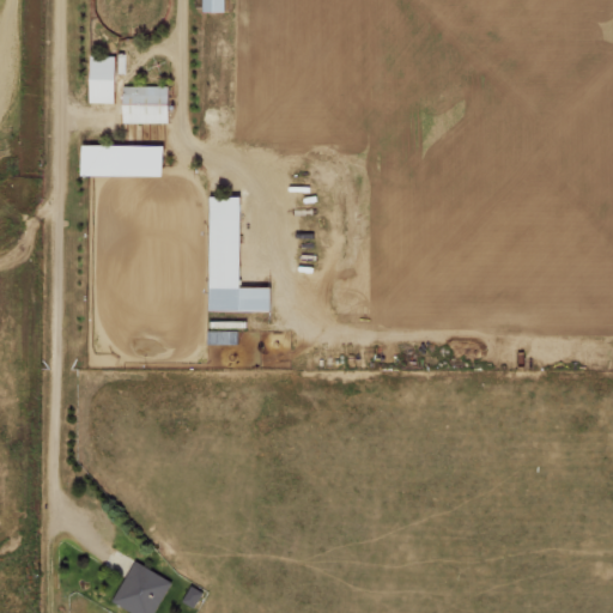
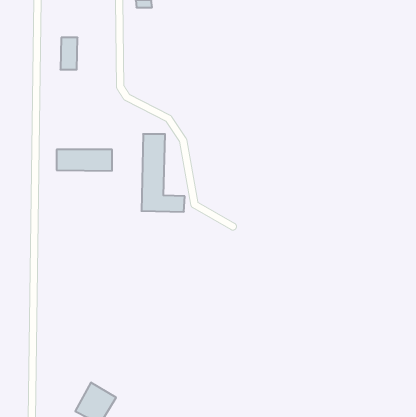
building: [121,86,168,123] -> none
building: [83,146,164,177] -> [57,150,112,171]

